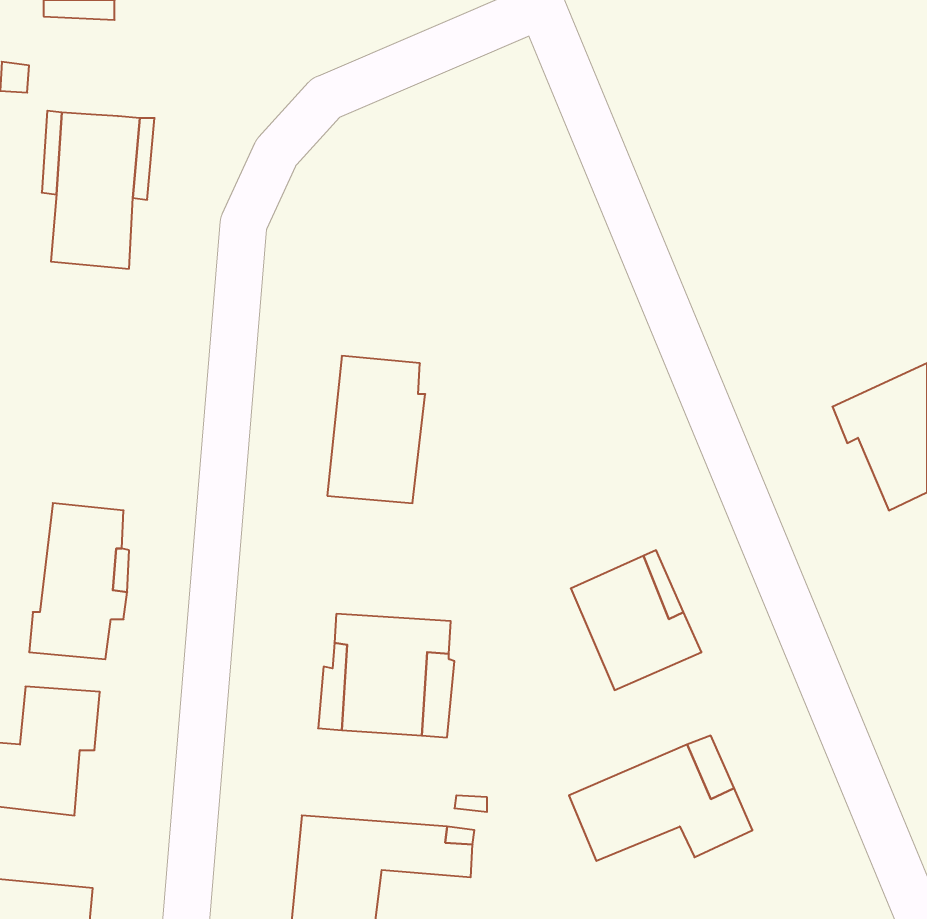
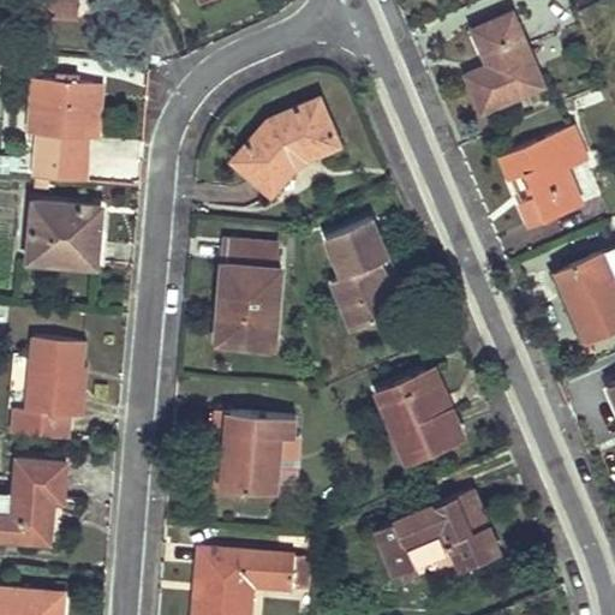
building: none -> [466,16,542,112]
building: none -> [232,98,339,196]
building: none -> [501,129,586,228]
building: none -> [28,202,101,269]
building: none -> [324,220,400,332]

